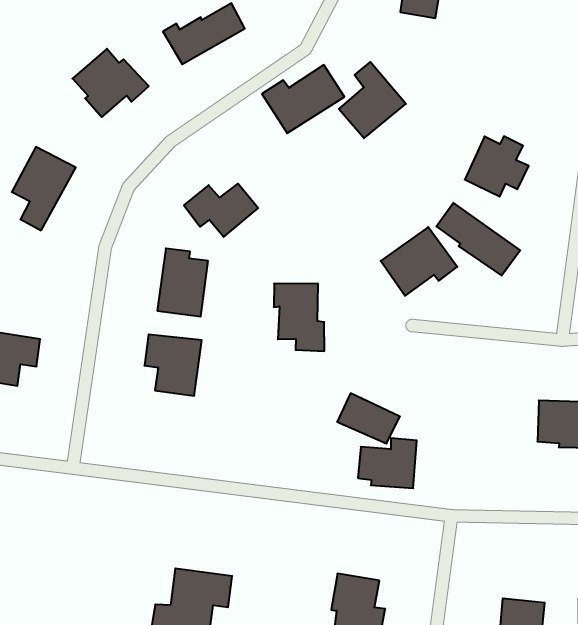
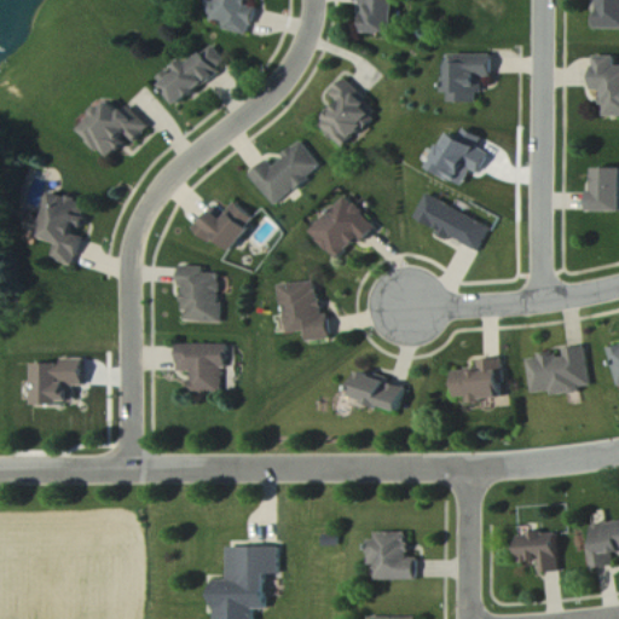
building: none -> [444,52,487,102]
building: [262,65,344,133] -> [248,140,320,204]
building: [381,227,457,296] -> [311,195,378,258]
building: [358,438,417,488] -> [450,357,501,401]

